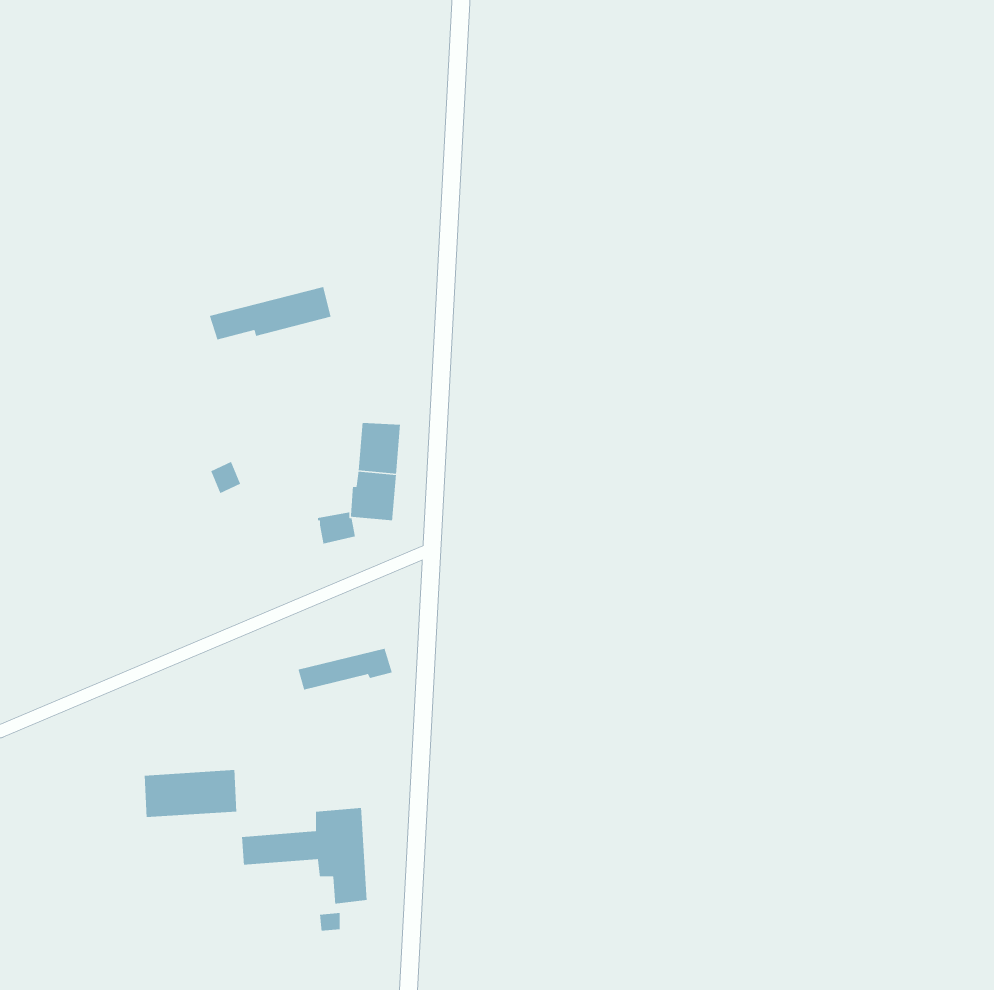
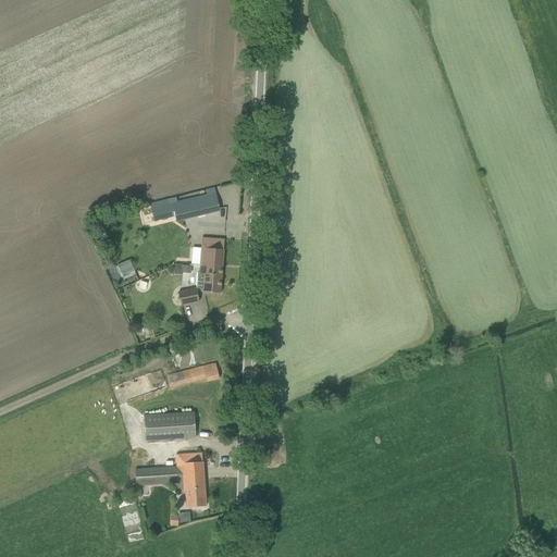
building: [209,286,332,341] -> [151,190,220,221]
building: [144,769,237,818] -> [144,411,196,438]

